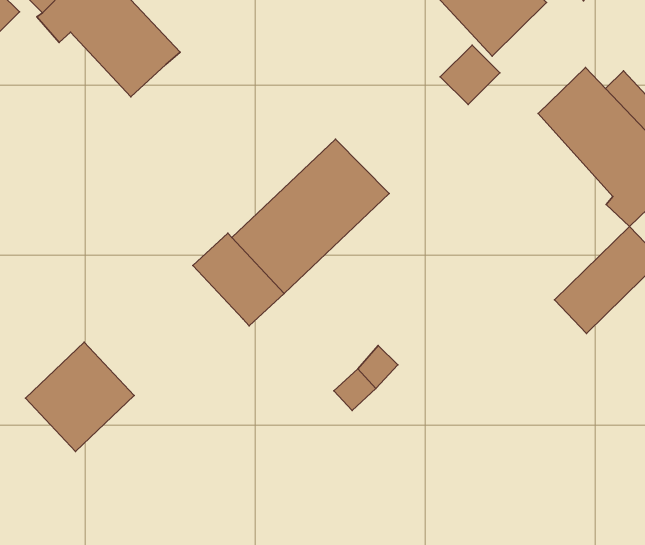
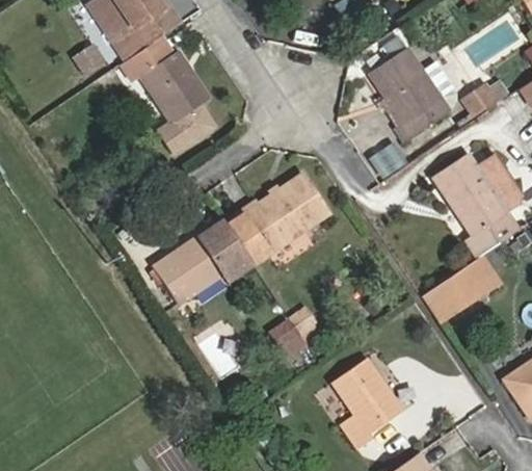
building: none -> [159,106,214,154]
building: [25,342,134,451] -> [151,237,220,306]
building: none -> [340,357,404,444]

